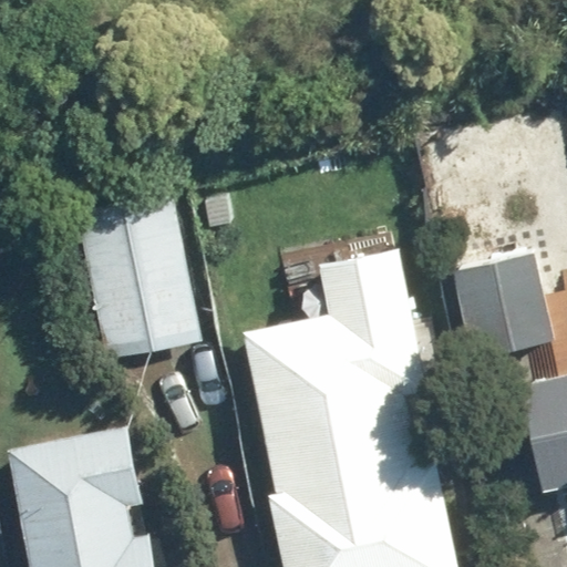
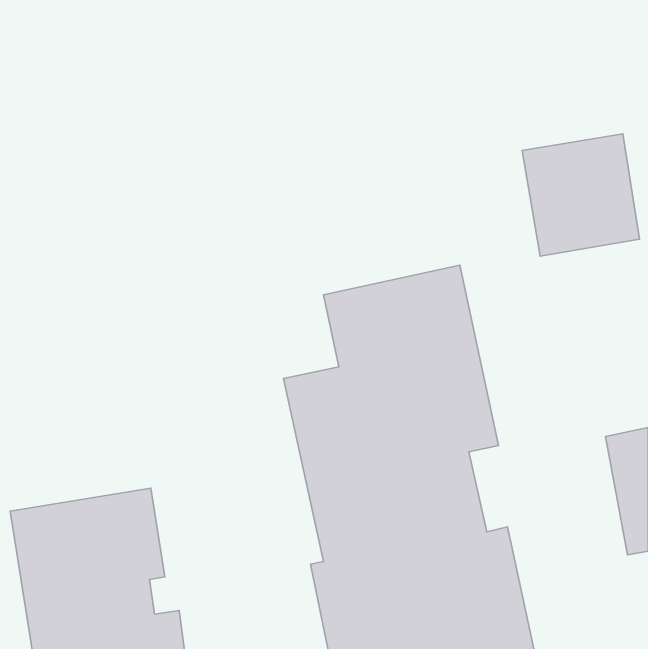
building: [78,199,199,362] -> none
building: [450,255,550,360] -> [522,134,639,256]

